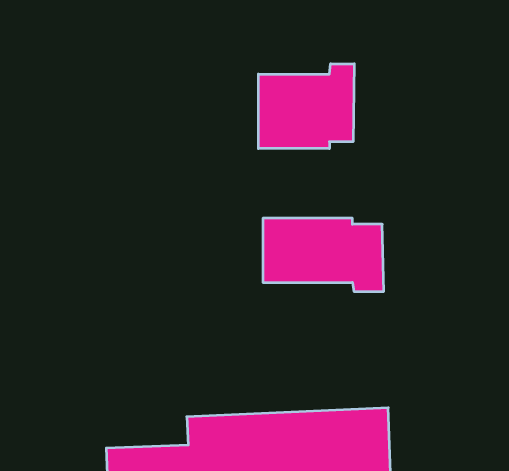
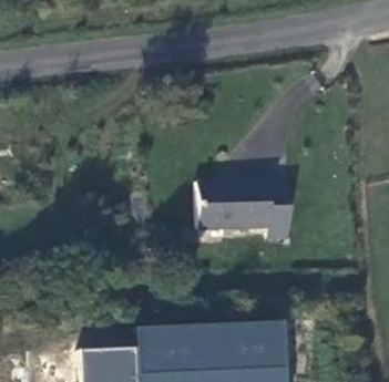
building: [258,64,354,149] -> none

